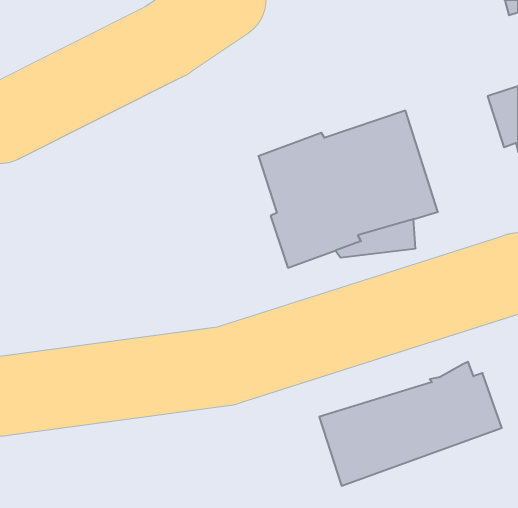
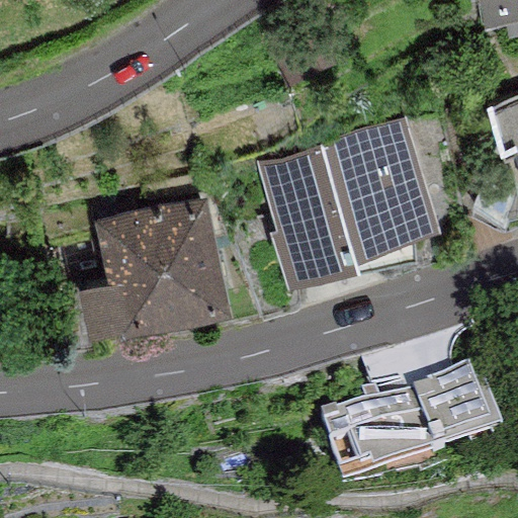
building: none -> [79,188,230,324]

